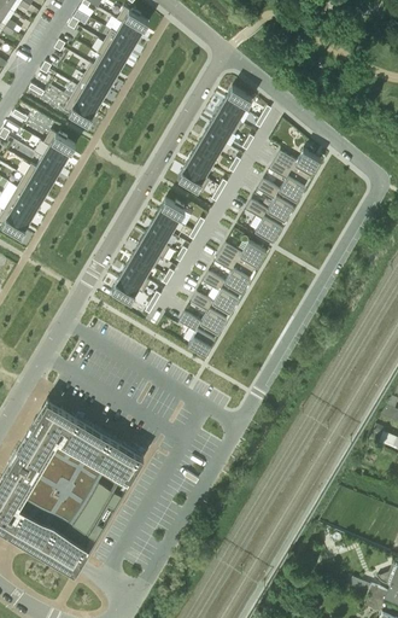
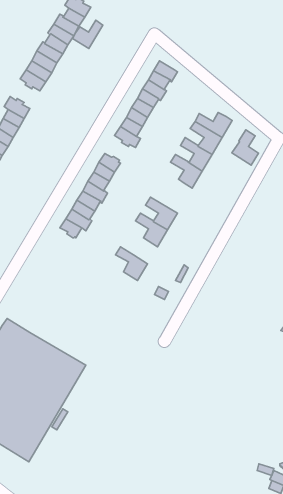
building: none -> [72,20,103,48]
building: none -> [232,130,258,165]
building: [221,241,265,272] -> none
building: [191,292,229,333] -> none

